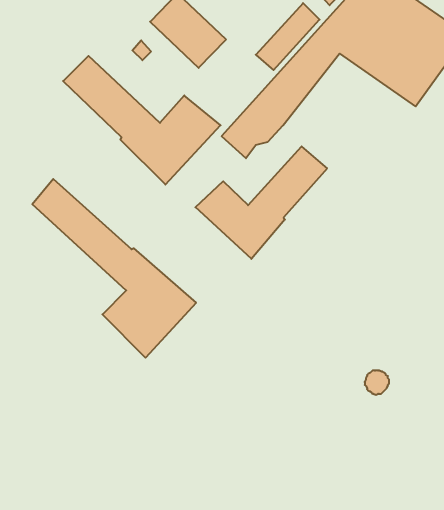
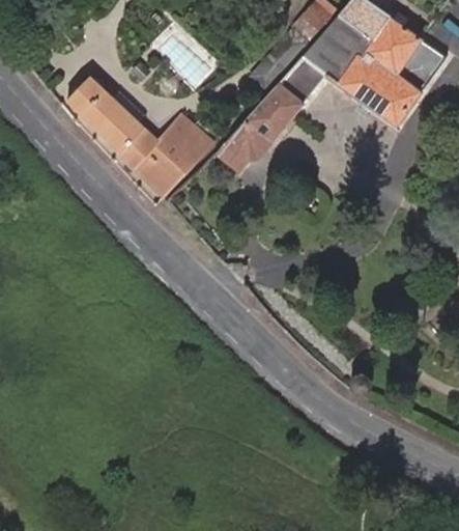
building: [195,146,327,259] -> none
building: [32,179,196,358] -> none

